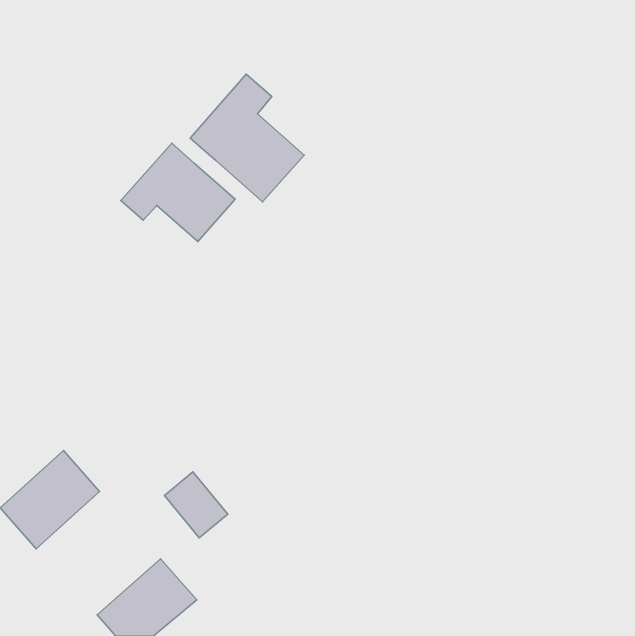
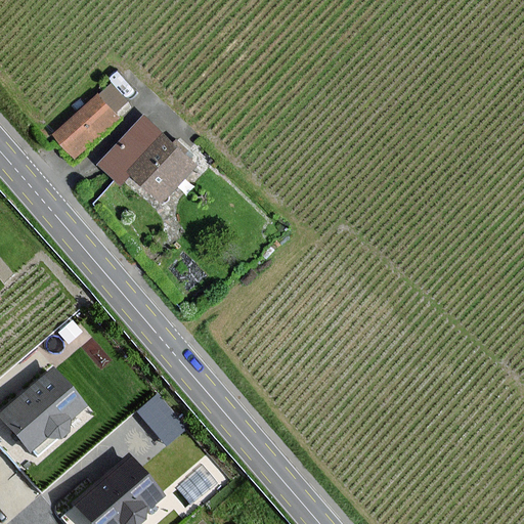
building: [190,74,304,202] -> none
building: none -> [55,97,115,155]

